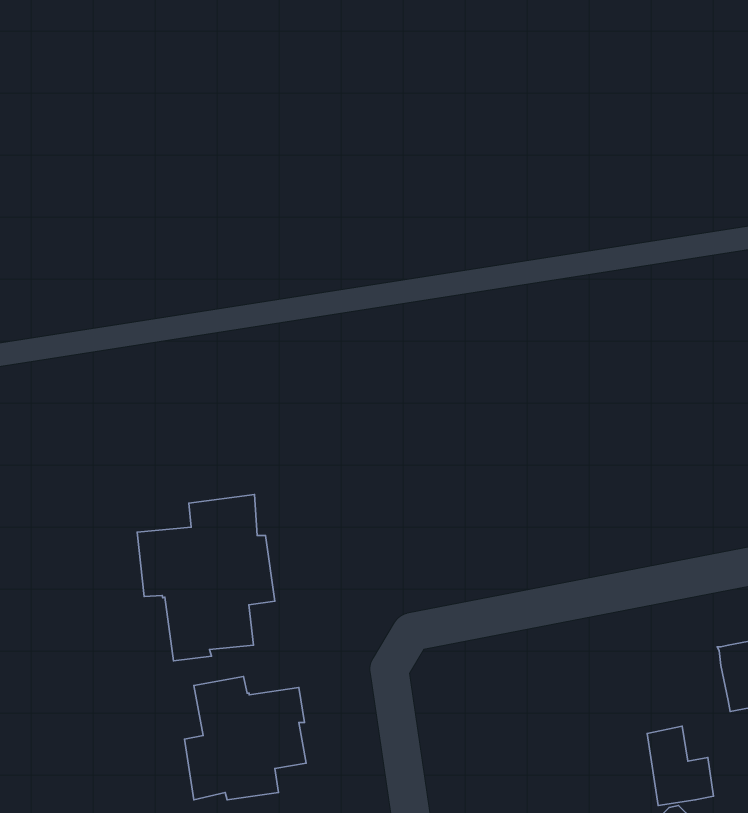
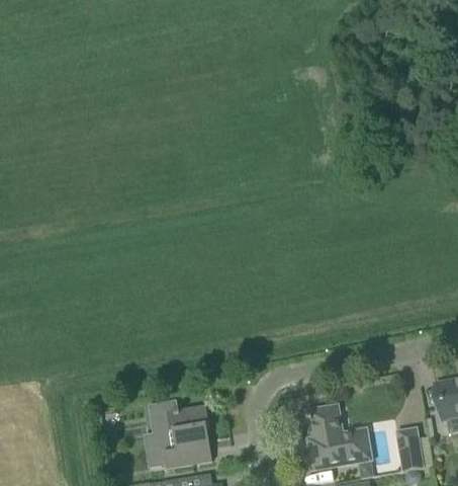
building: [137,495,275,661] -> none
building: none -> [305,404,371,470]

